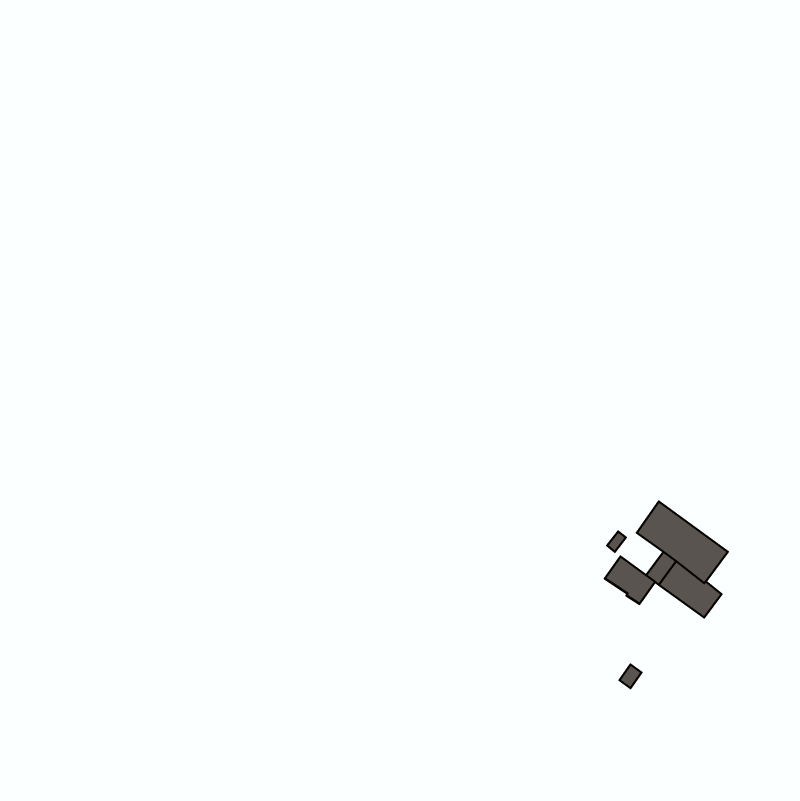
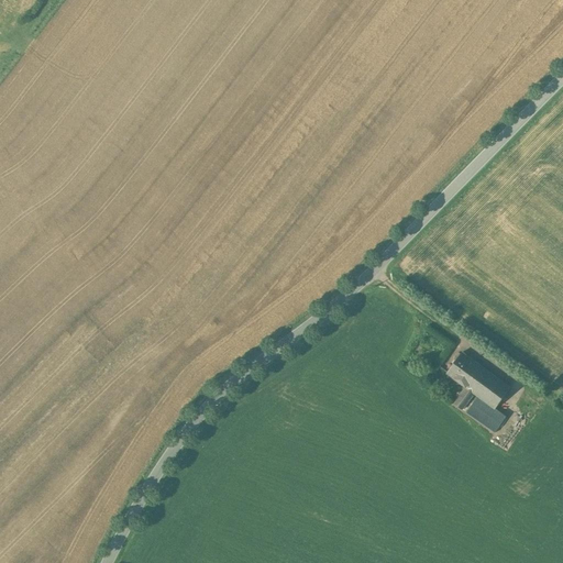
building: [605,557,655,604] -> none

